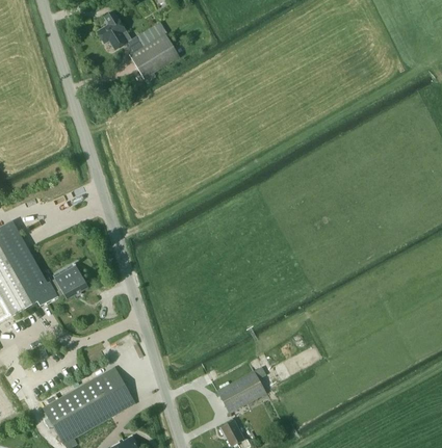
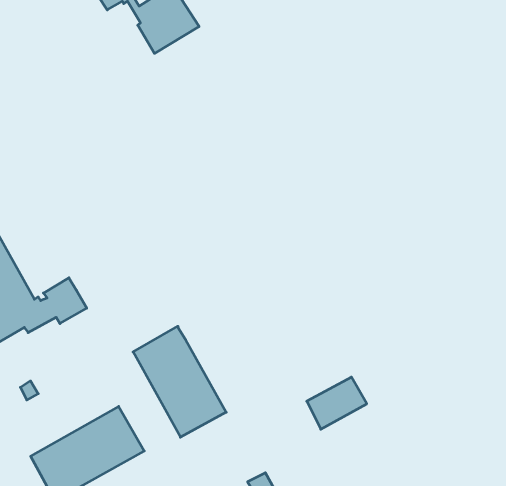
building: none -> [133,326,226,437]
building: [216,371,265,414] -> [307,377,367,429]

